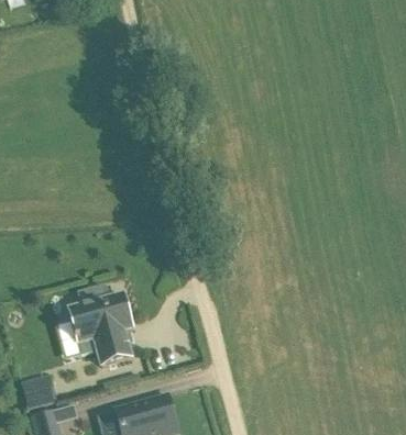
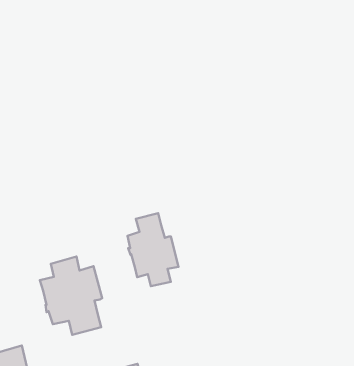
building: none -> [128,213,178,286]

